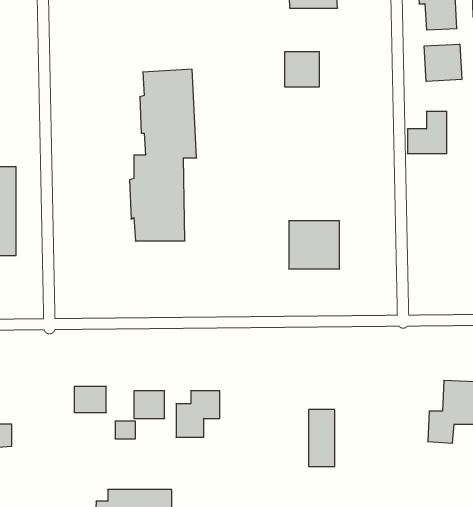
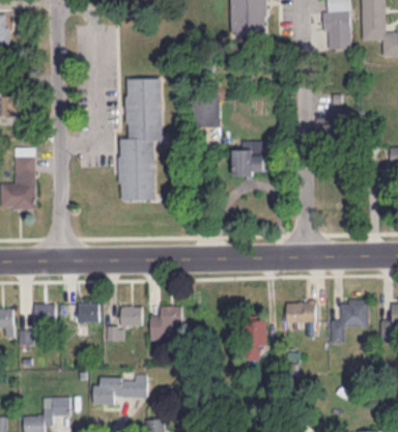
building: [424,44,462,82] -> none
building: [285,52,319,87] -> [193,103,218,127]
building: [289,221,340,269] -> [232,142,268,176]
building: none -> [286,301,317,336]
building: none -> [34,304,56,323]

